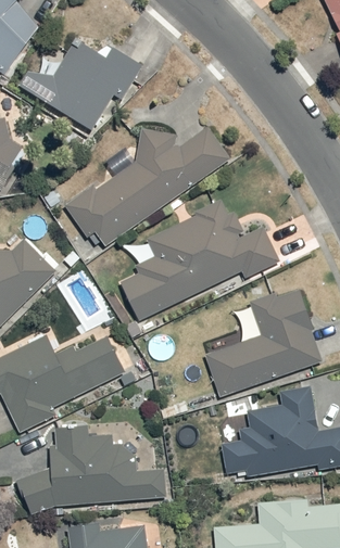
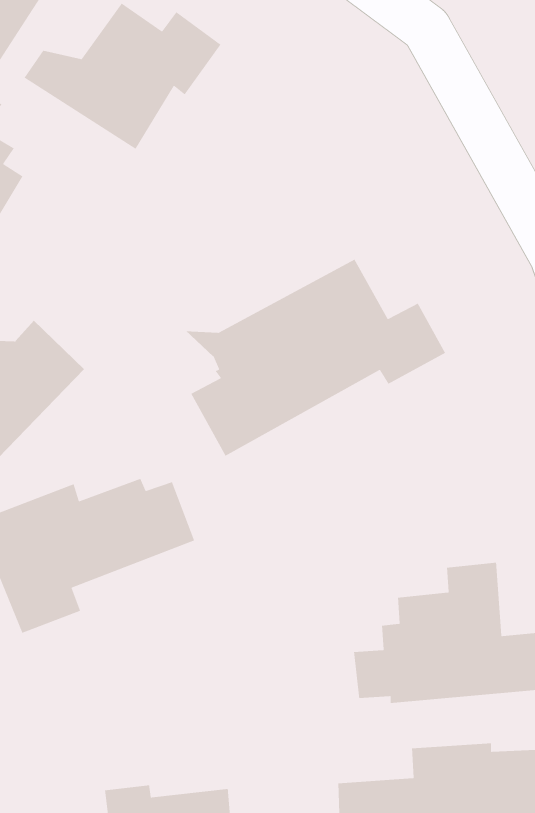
building: [65,128,227,244] -> none
building: [203,282,324,396] -> none
building: [17,418,166,514] -> none

